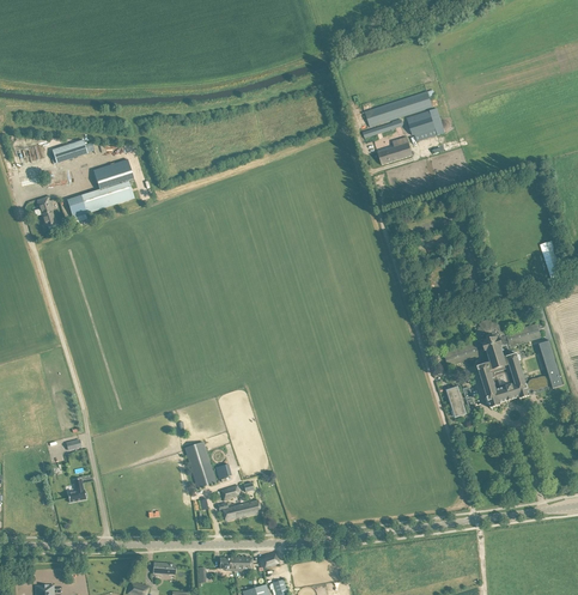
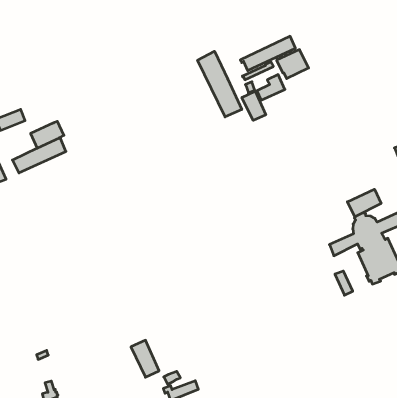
building: none -> [198,51,242,117]
building: none -> [242,91,266,120]
building: none -> [347,189,381,217]

